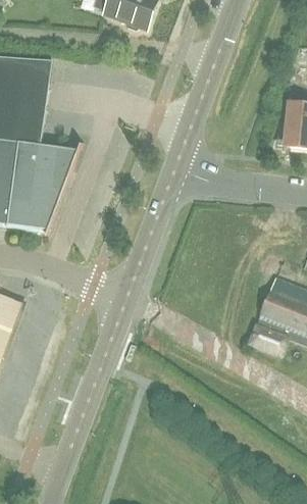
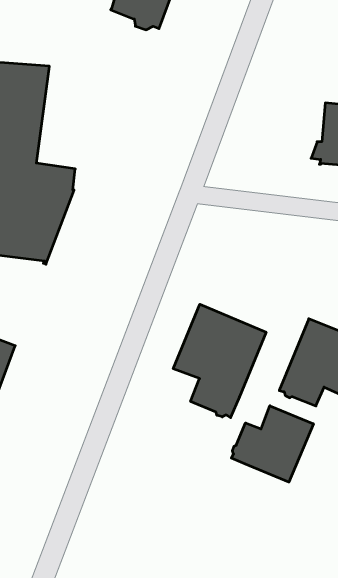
building: none -> [173,304,266,418]
building: none -> [231,406,313,482]

